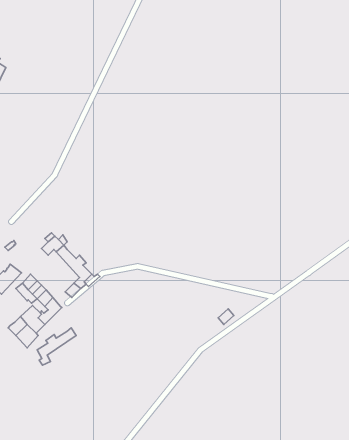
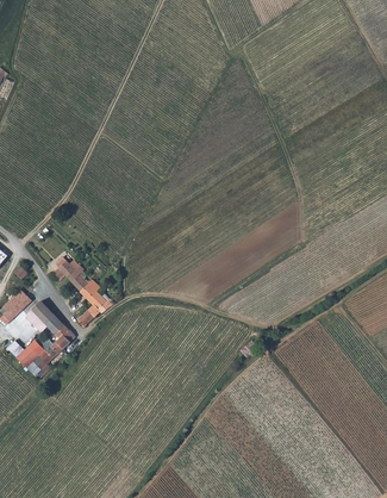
building: [37,328,76,365] -> none

